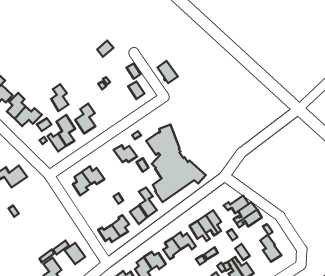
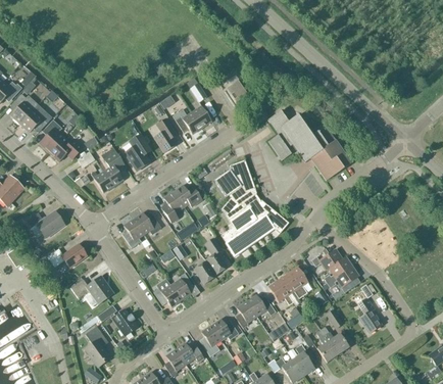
building: [51,84,68,111] -> [154,118,176,152]
building: none -> [173,109,201,134]
building: none -> [267,109,350,180]
building: none -> [160,191,184,223]
building: none -> [47,243,87,268]
building: none -> [70,276,113,303]

